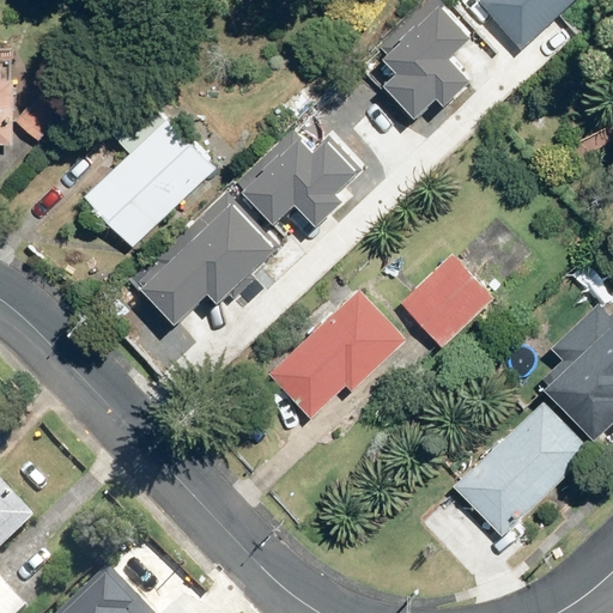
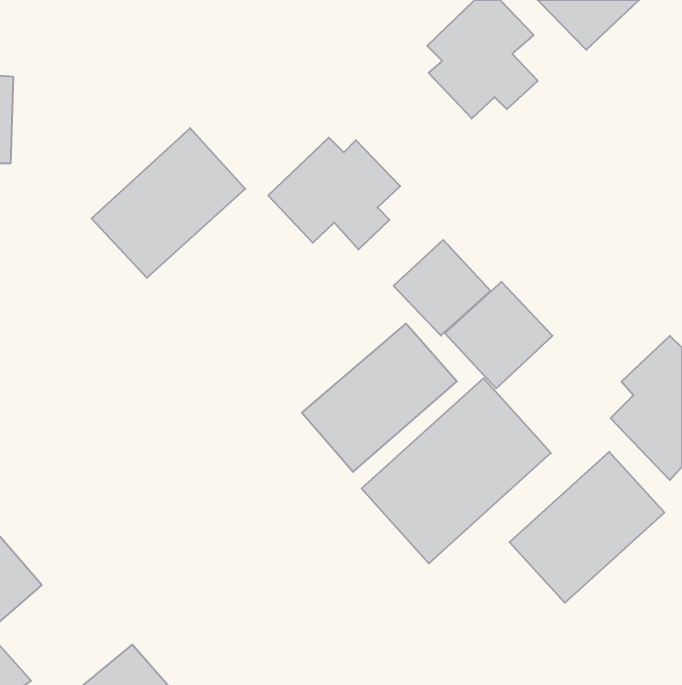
building: [142,196,275,315] -> none
building: none -> [394,240,490,336]
building: none -> [362,378,551,563]

